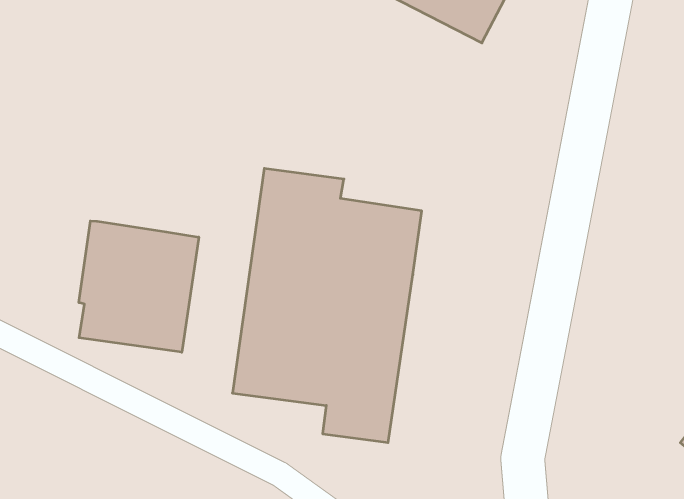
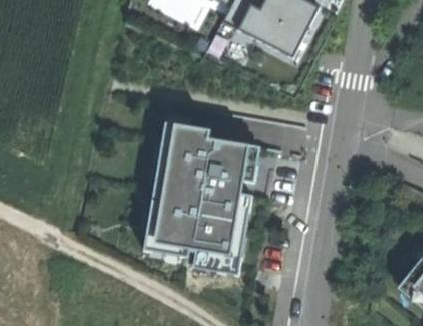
building: [79,221,199,352] -> none

